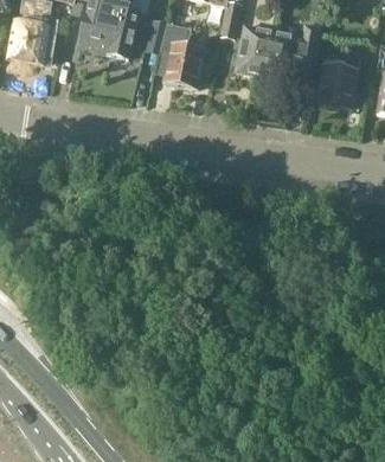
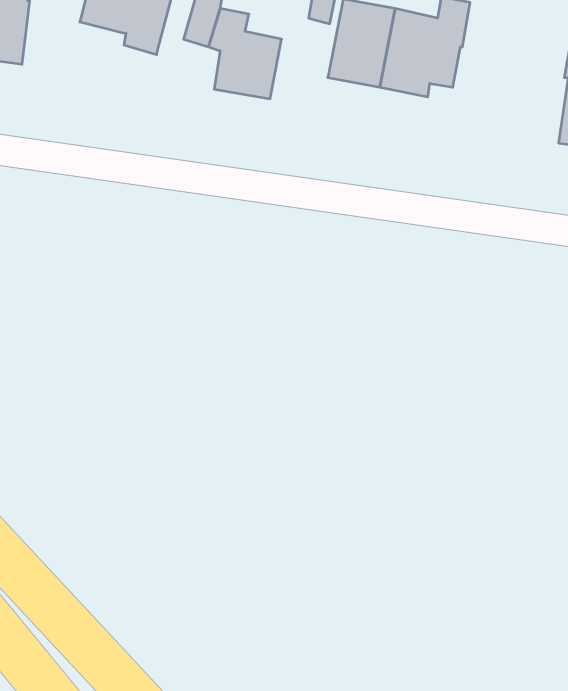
building: [317,54,359,107] -> none

